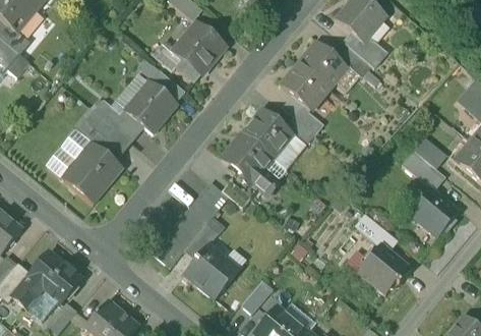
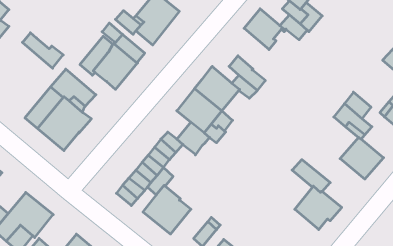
building: [282,63,328,110] -> none
building: [96,99,142,139] -> [22,33,63,68]

